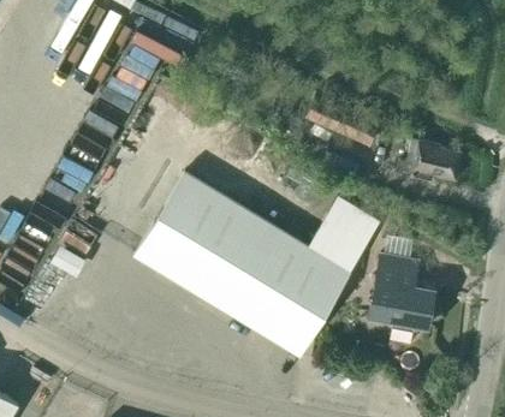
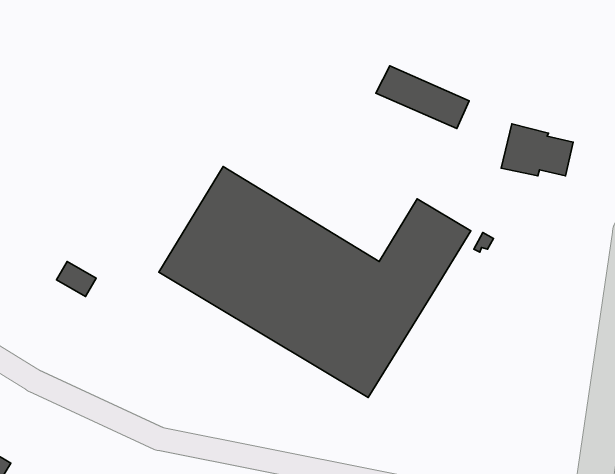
building: [368,255,434,330] -> none

